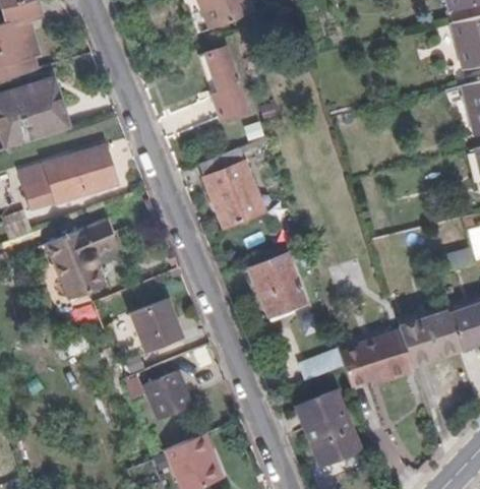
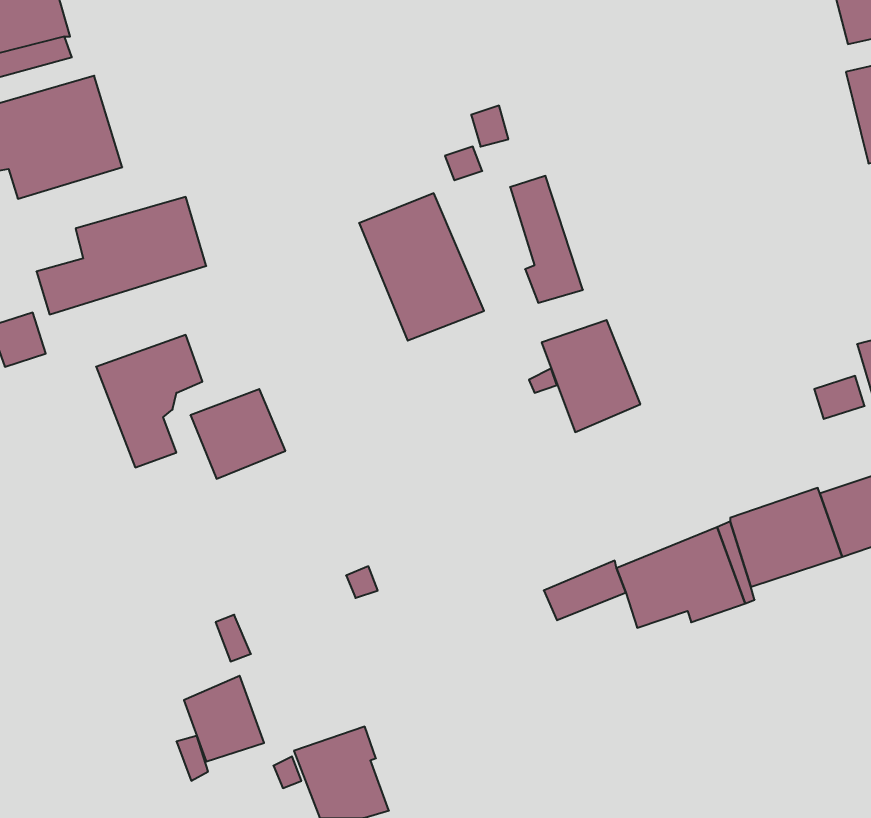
building: [205,48,245,117] -> [510,176,583,303]
building: [251,253,305,314] -> [542,320,640,432]
building: [126,304,178,353] -> [190,389,285,479]
building: [142,374,186,421] -> [184,676,264,762]
building: [294,389,357,463] -> none

